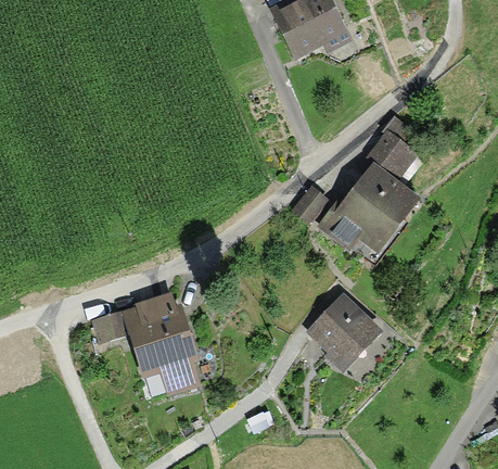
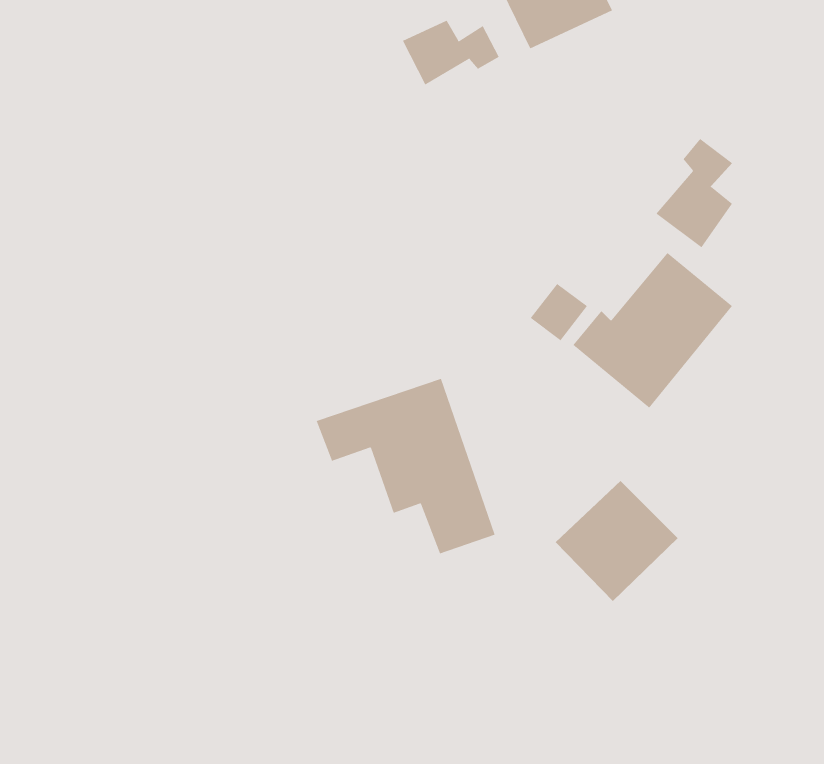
building: none -> [402,20,500,86]
building: [99,291,200,390] -> [316,378,496,554]

